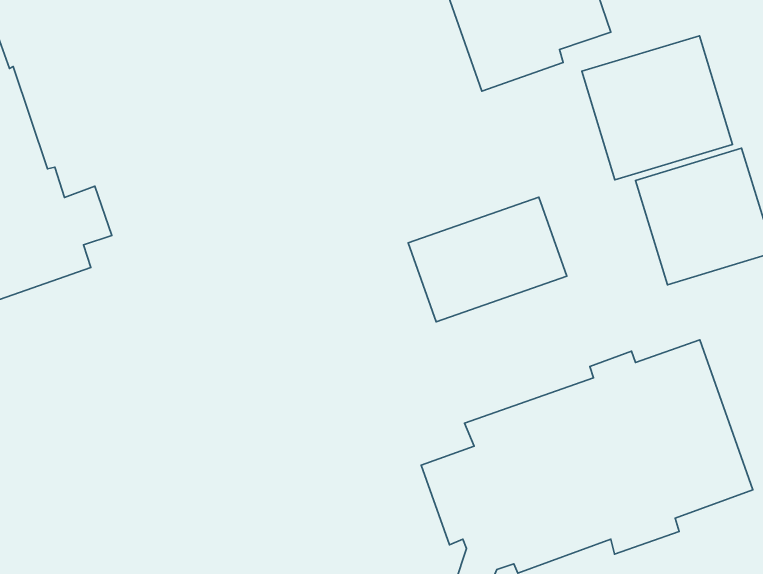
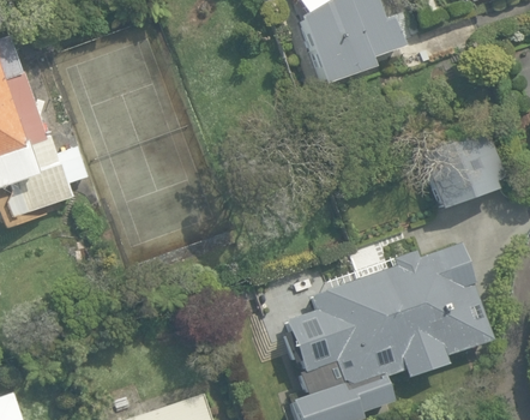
building: [582,36,732,180] -> none
building: [408,197,567,322] -> none

